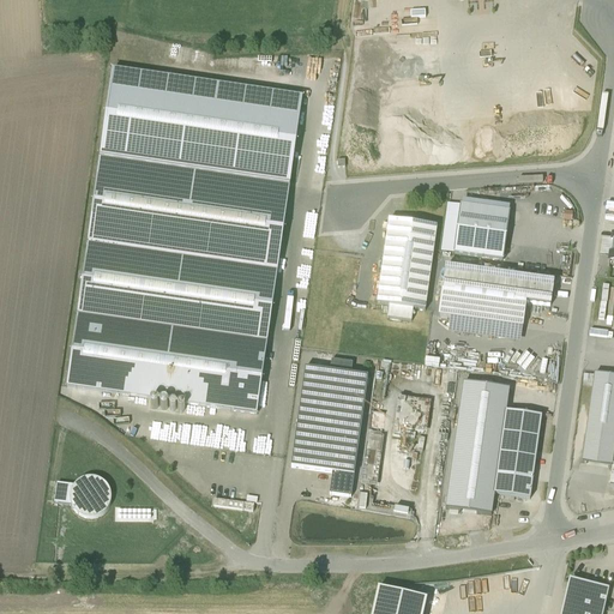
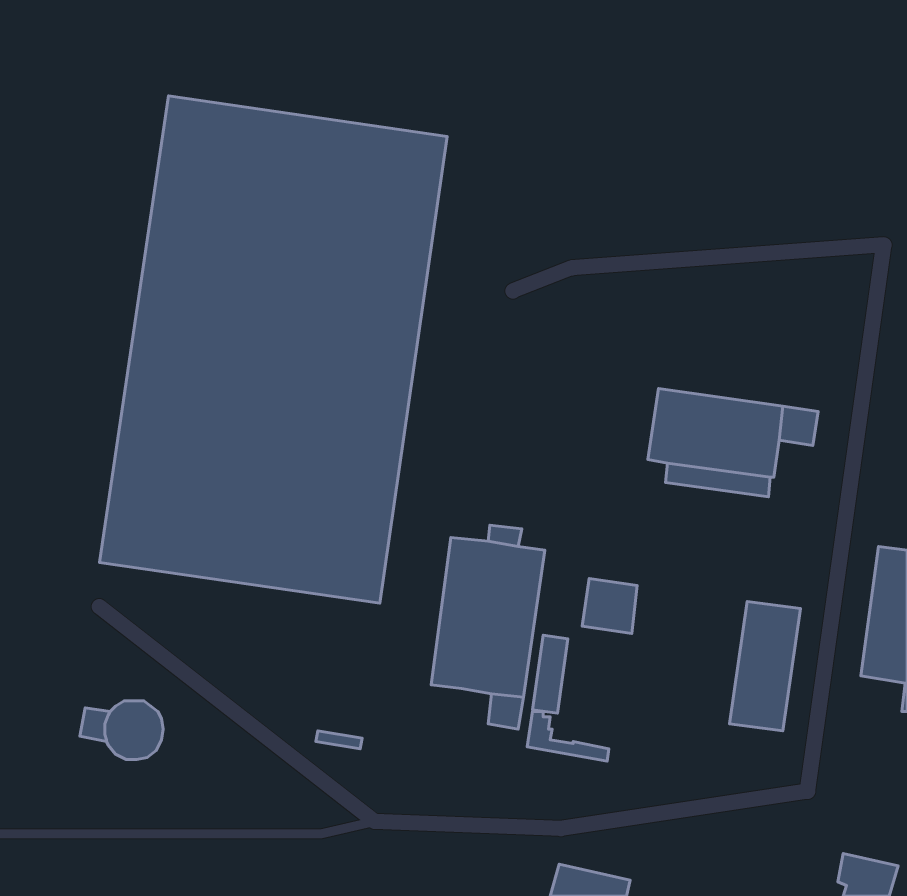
building: [453,199,510,254] -> none
building: [377,213,437,315] -> none
building: [443,377,508,510] -> none

